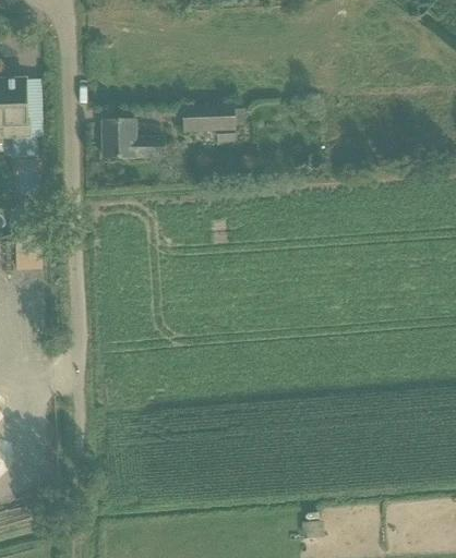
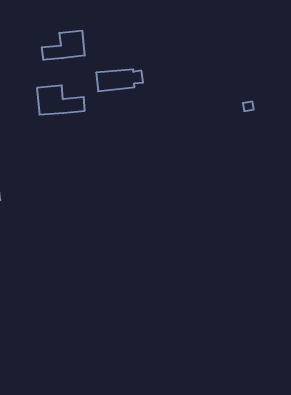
building: none -> [42,31,85,60]

